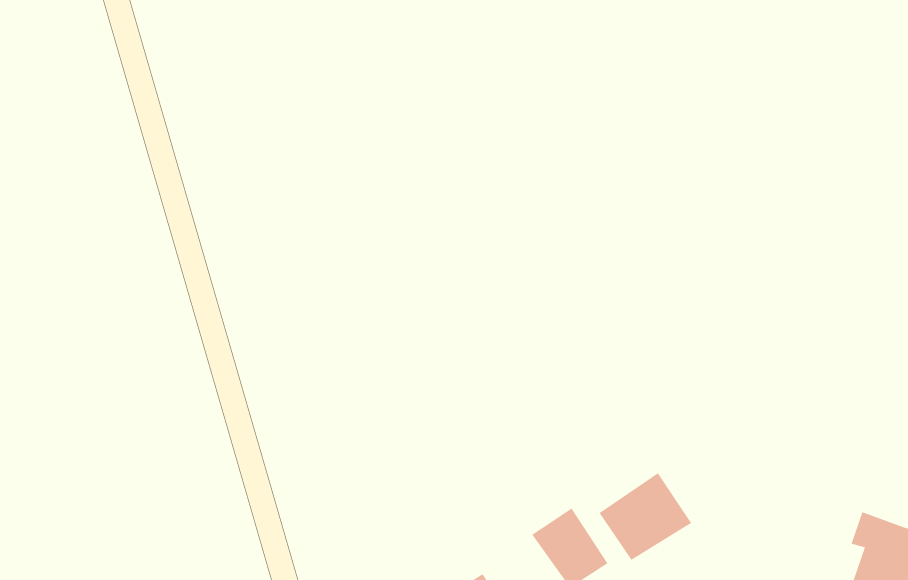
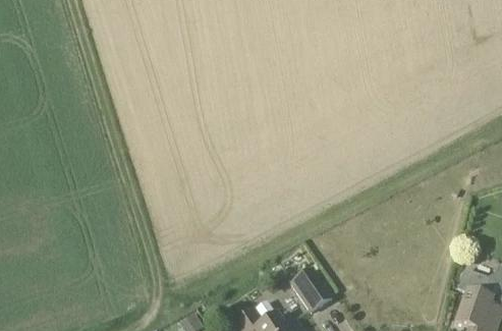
building: [598,472,692,561] -> none

